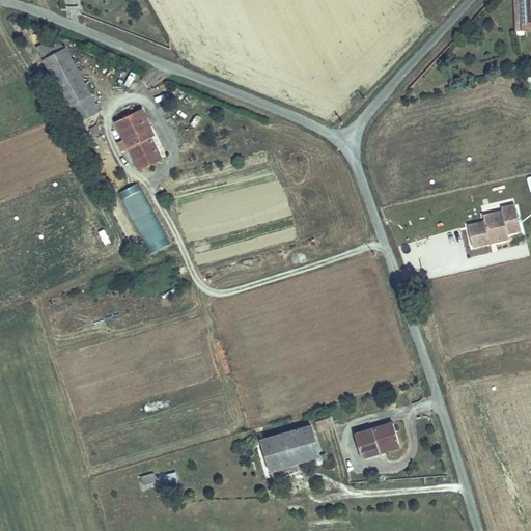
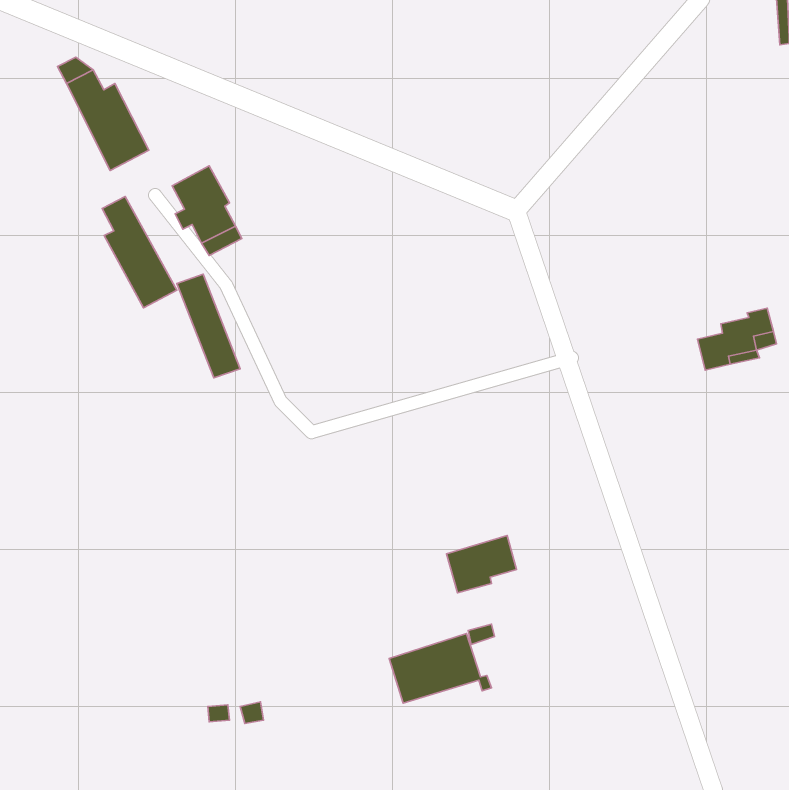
building: none -> [102,196,177,308]
building: [354,422,400,460] -> [447,535,516,593]

